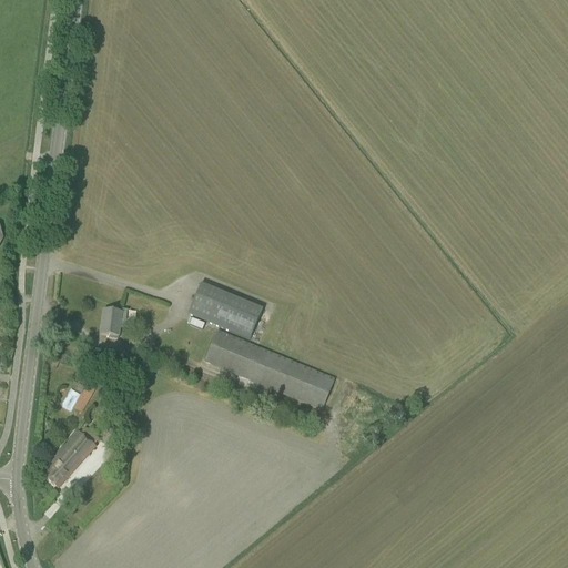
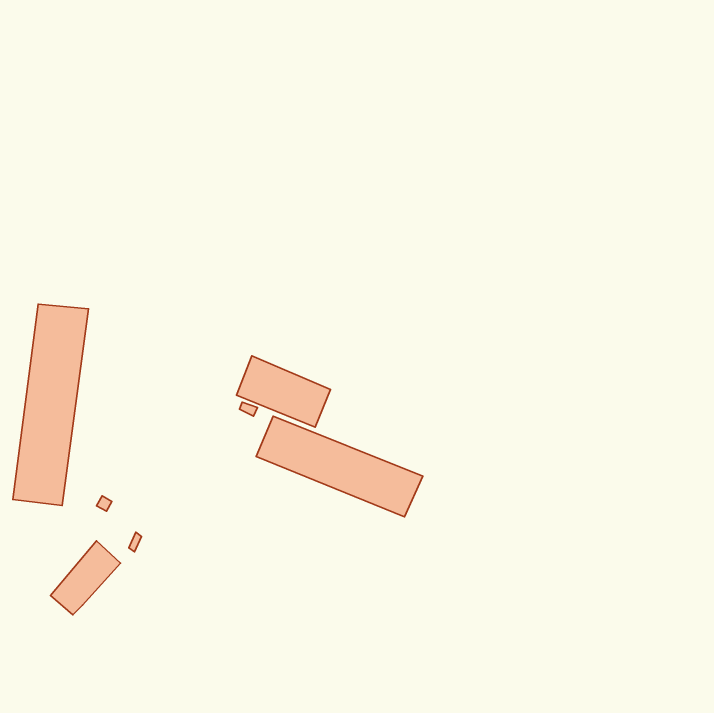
building: none -> [13,304,88,505]
building: [101,307,129,338] -> none

